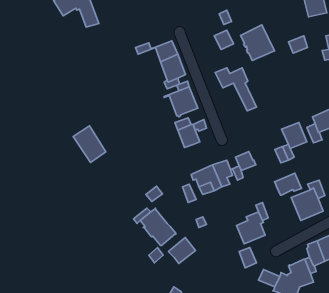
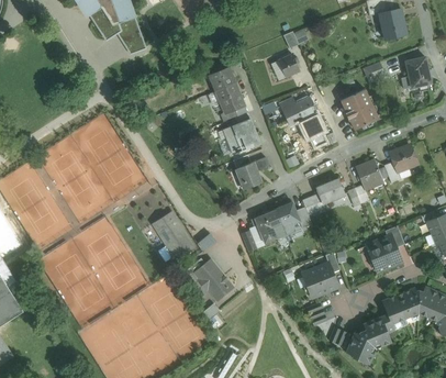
building: [241,25,274,61] -> [341,89,379,130]
building: [73,126,106,163] -> [157,219,194,260]
building: [275,173,302,195] -> [315,178,346,203]
building: [169,238,196,263] -> none

